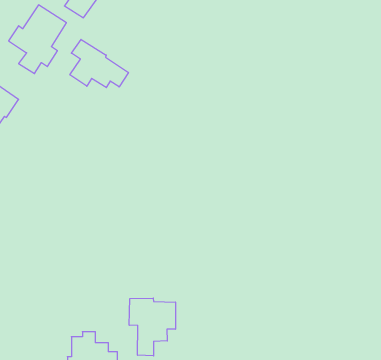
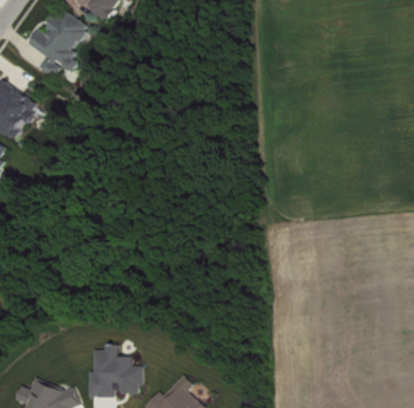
building: [70,39,128,88] -> none
building: [129,298,175,356] -> none

